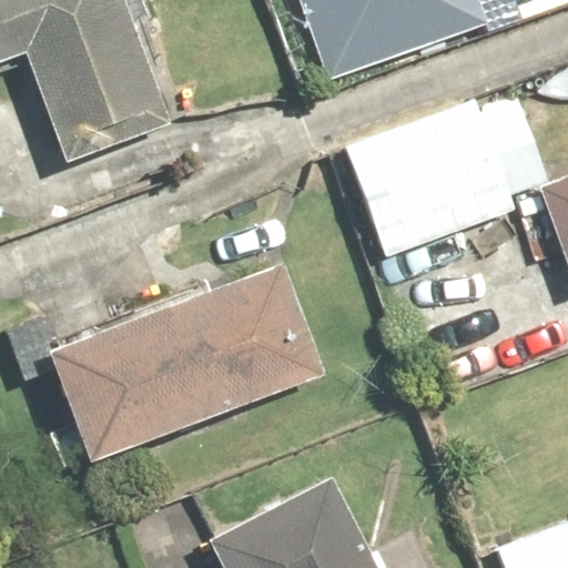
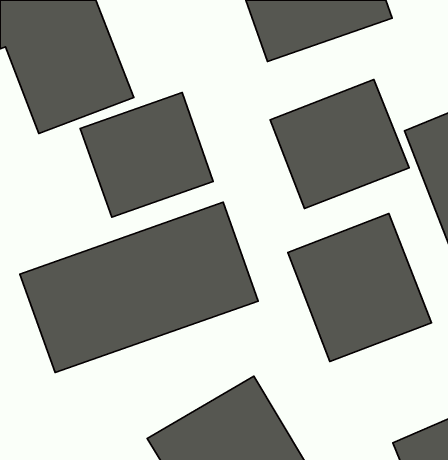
building: none -> [80,92,213,217]
building: none -> [288,213,431,361]

